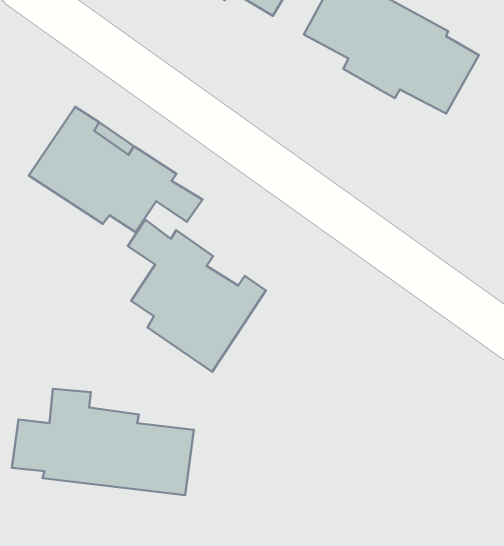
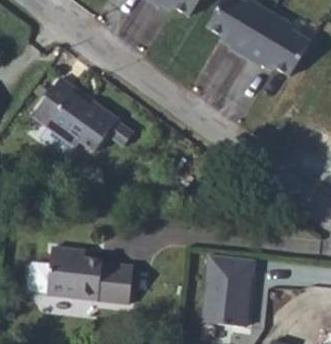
building: [128,219,266,372] -> none
building: none -> [203,255,255,327]

